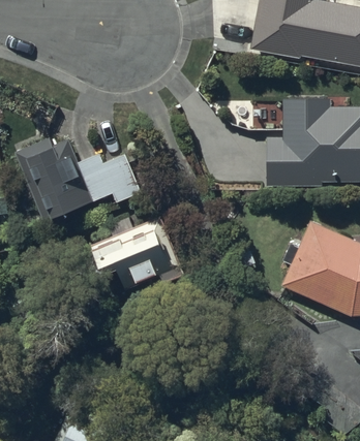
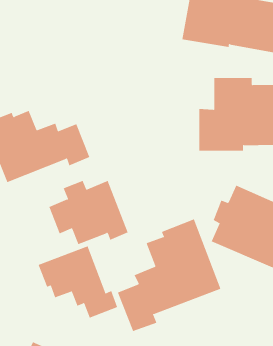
building: none -> [117,218,221,332]
building: none -> [38,245,118,318]

